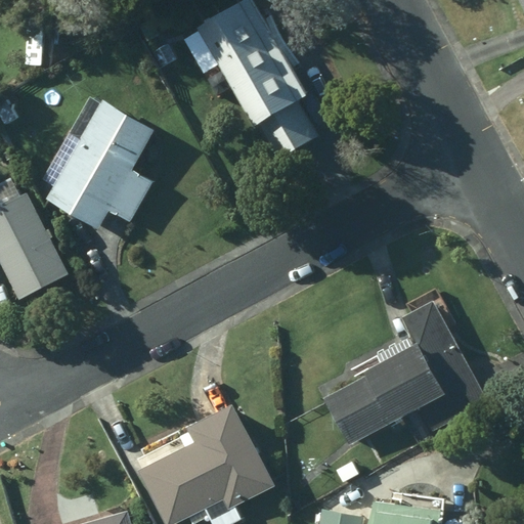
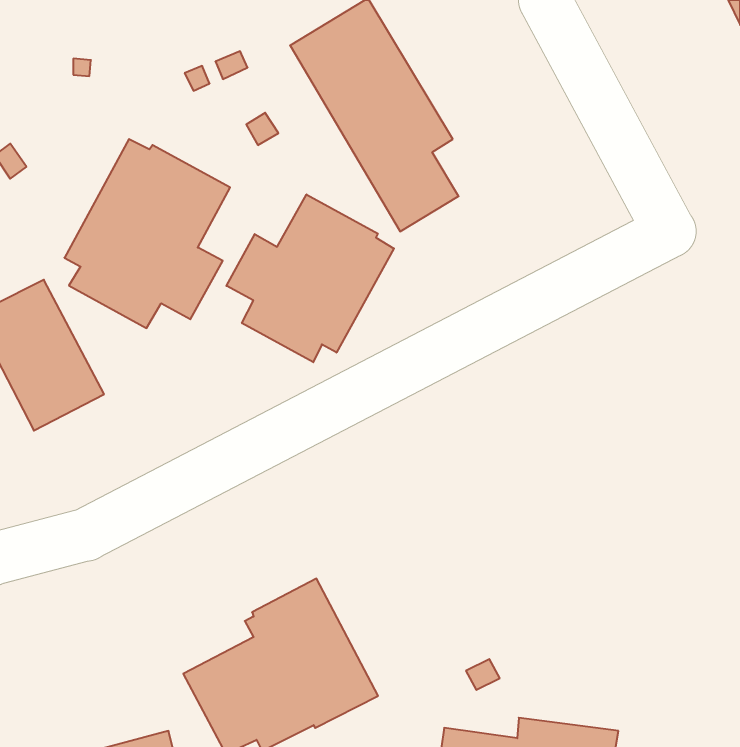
building: none -> [226,194,394,362]
building: [314,302,479,446] -> none

